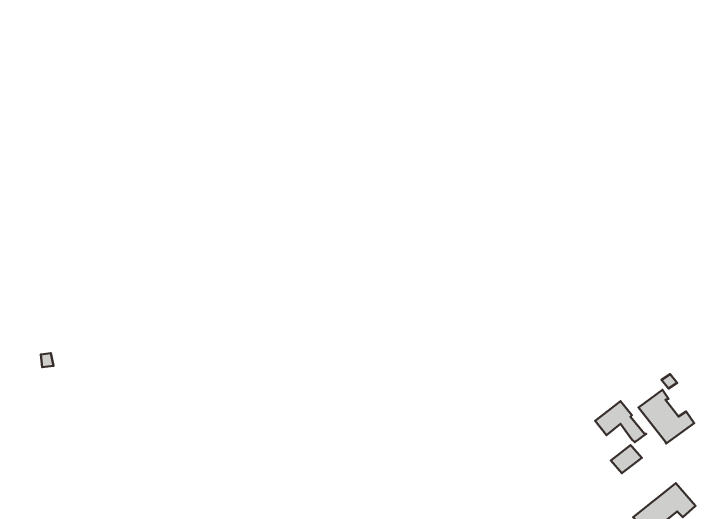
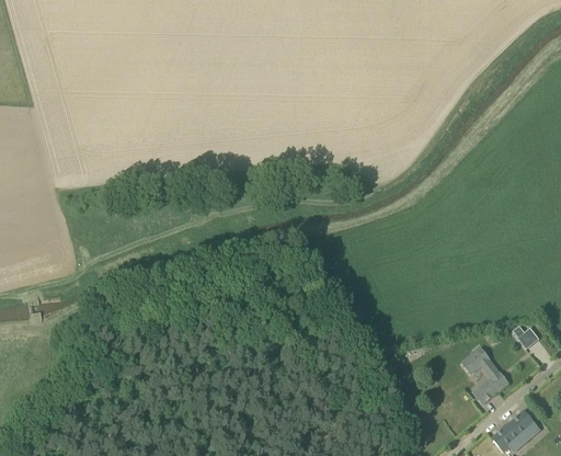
building: [638,390,694,443] -> none

